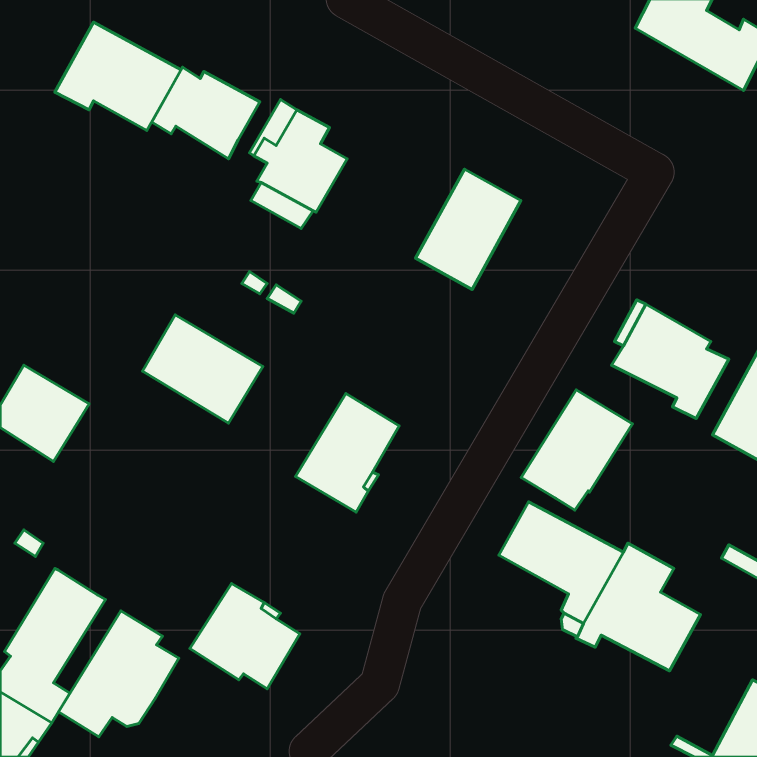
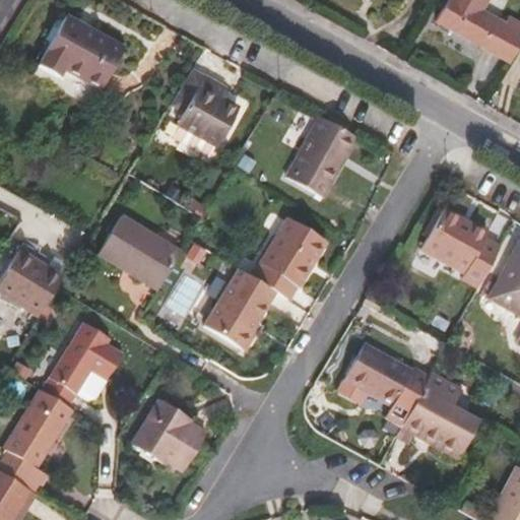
building: [152,67,260,159] -> none
building: [521,390,633,510] -> [251,217,327,300]
building: [59,611,179,737] -> [41,321,123,407]

